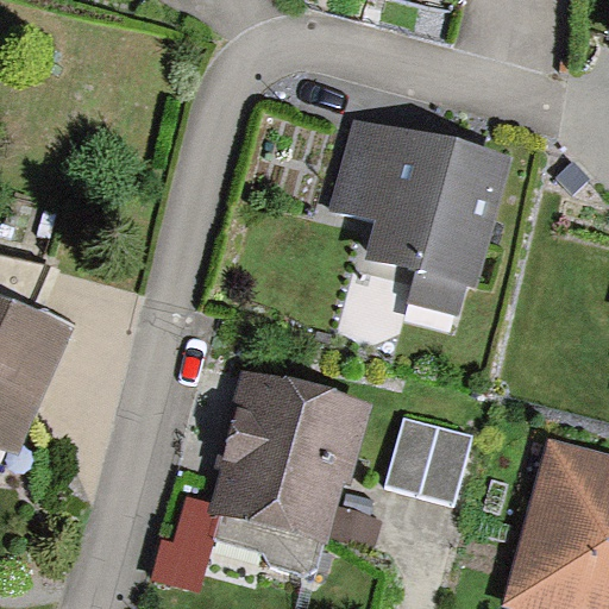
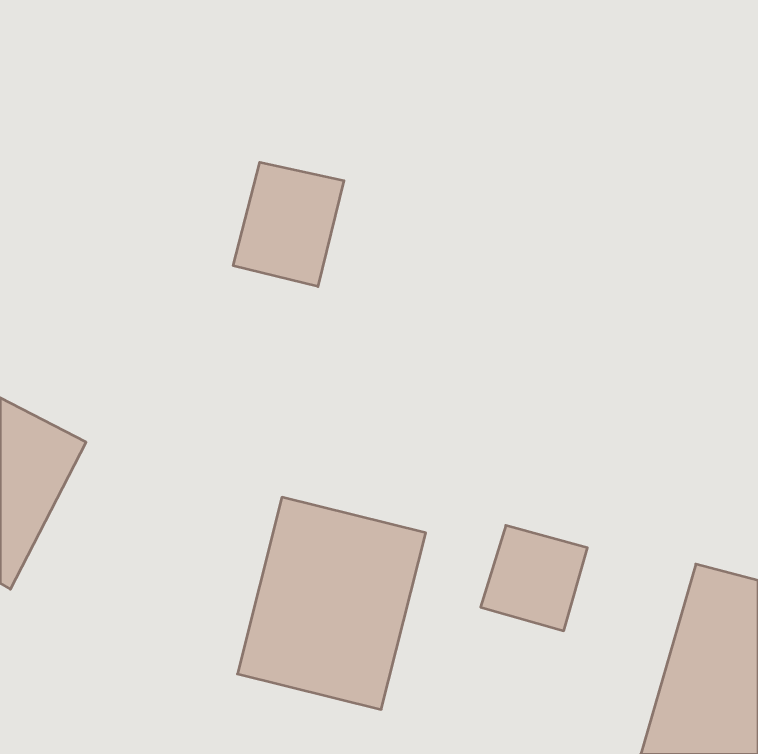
building: [331,114,509,313] -> none
building: none -> [233,162,344,287]

